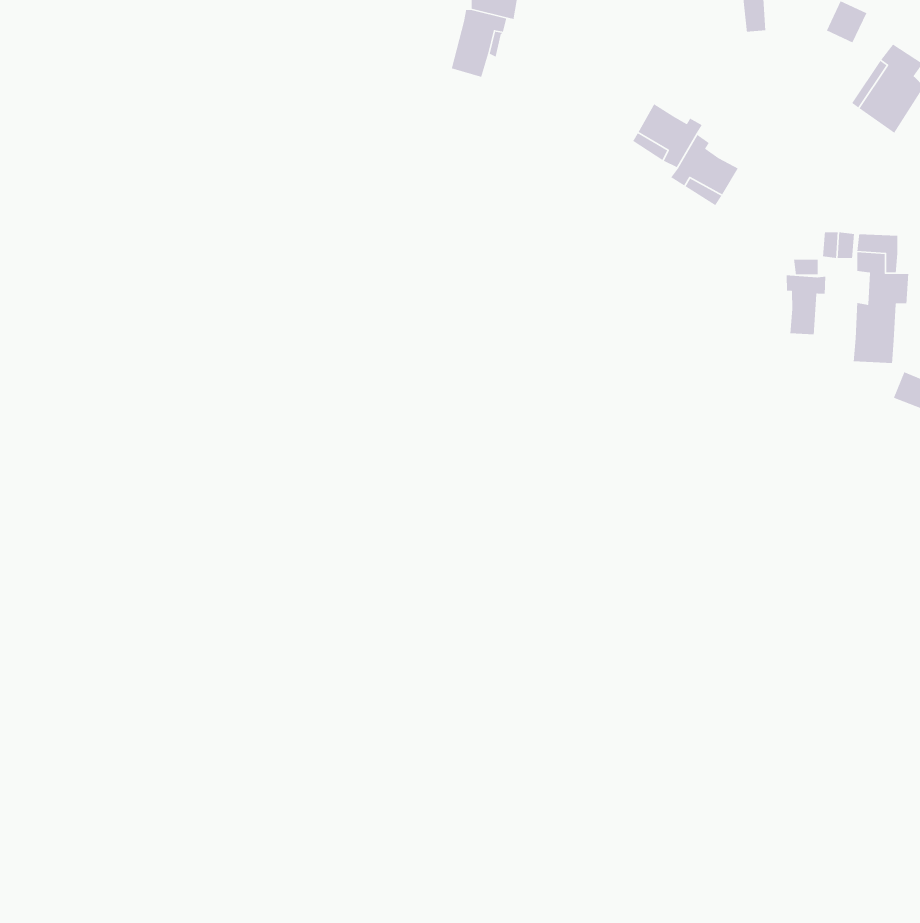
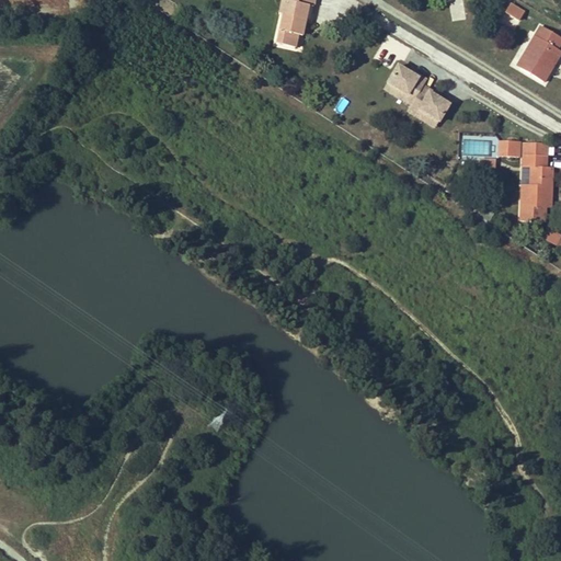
building: [786,274,826,335] -> none

